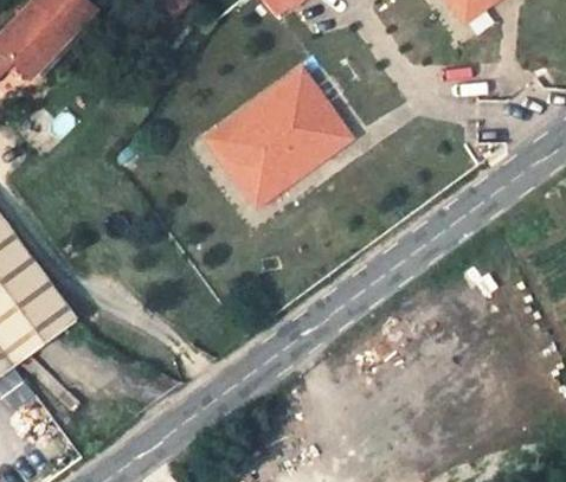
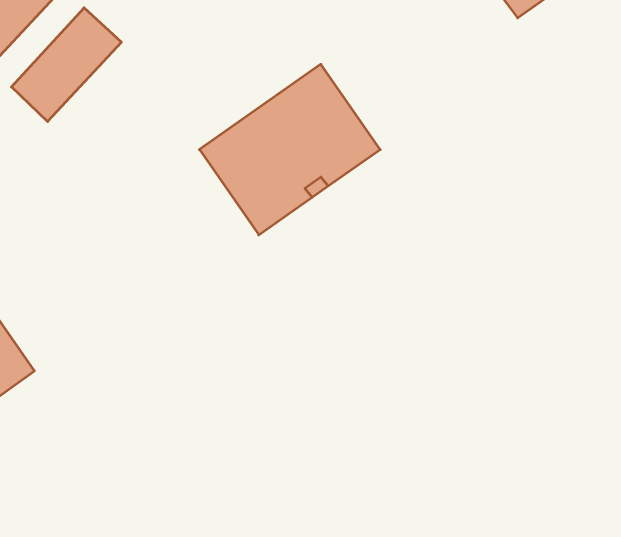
building: none -> [11,8,121,122]

